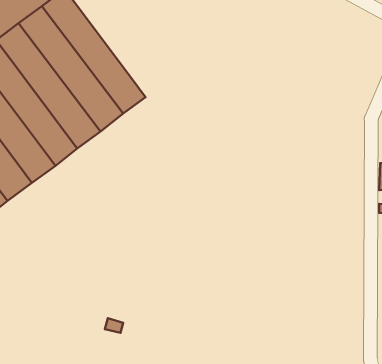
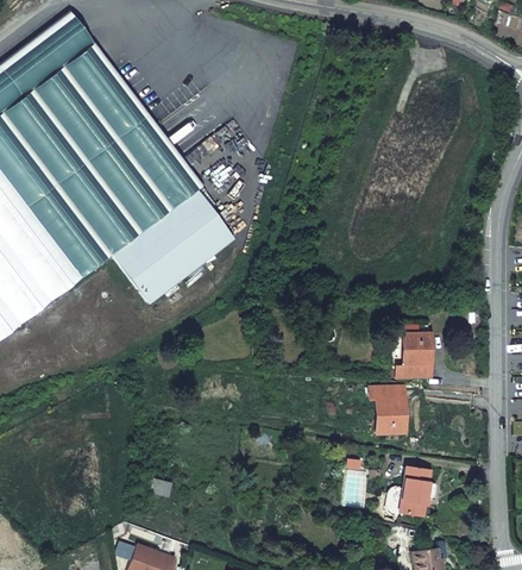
building: none -> [112,189,234,302]
building: none -> [394,330,433,378]
building: none -> [367,384,407,434]
building: none -> [383,465,436,516]

